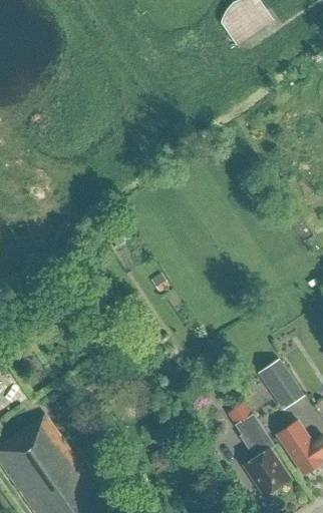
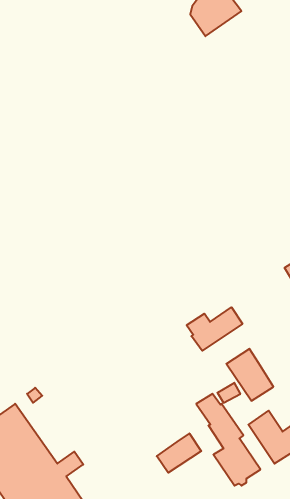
building: none -> [187,307,242,351]
building: none -> [157,433,201,473]

